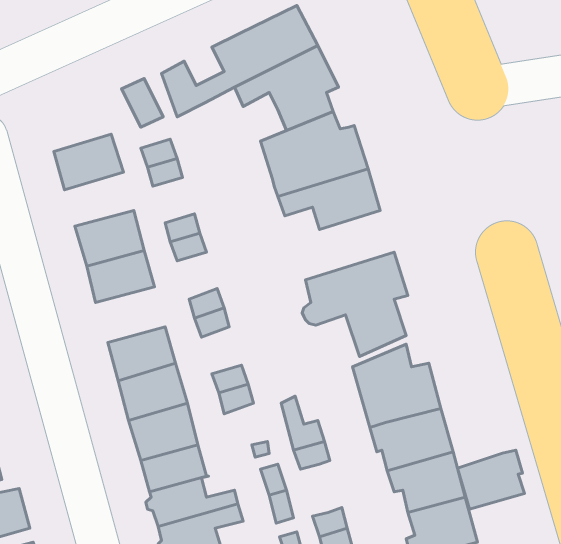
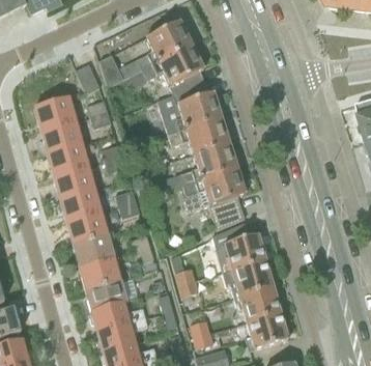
building: none -> [40,119,82,151]
building: none -> [180,142,237,184]
building: none -> [59,188,101,221]
building: [457,450,524,509] -> none

